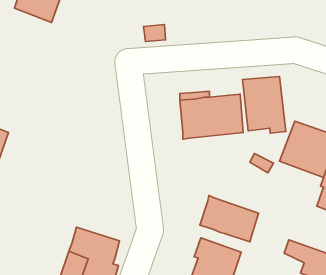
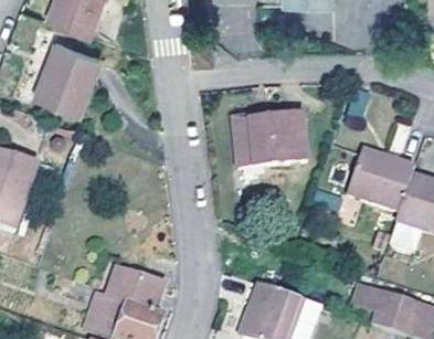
building: none -> [31,39,94,108]
building: [242,76,286,133] -> none
building: [200,196,259,242] -> none

